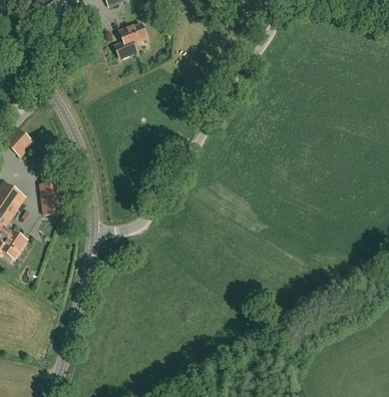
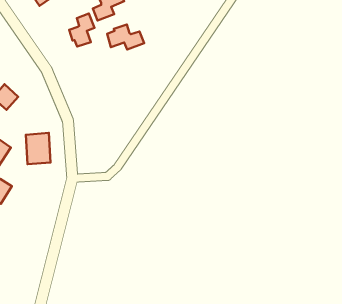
building: none -> [69,14,94,46]
building: none -> [107,25,144,50]

